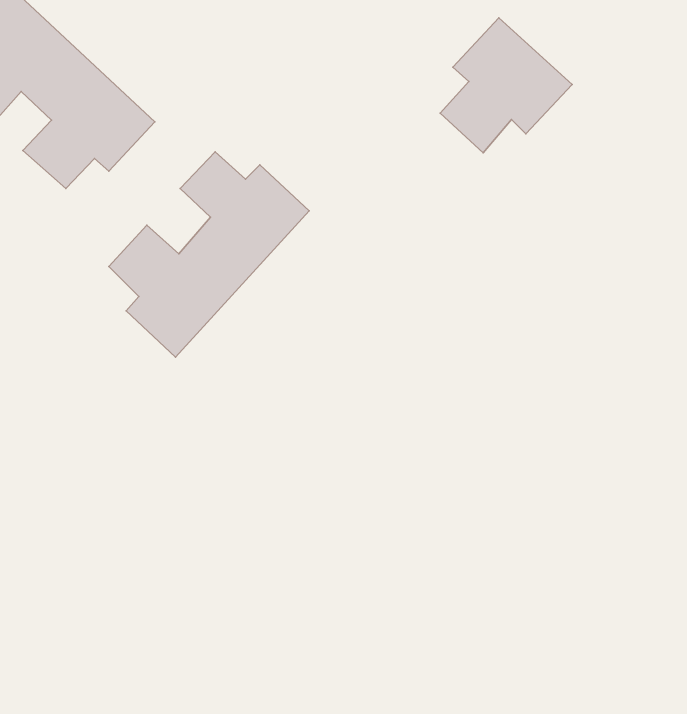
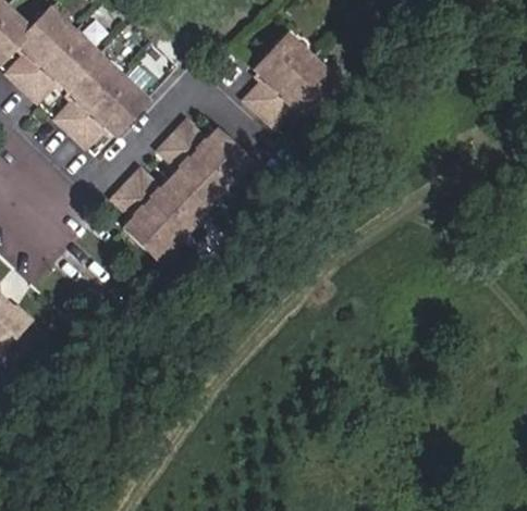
building: [440,18,572,153] -> [244,29,334,122]

